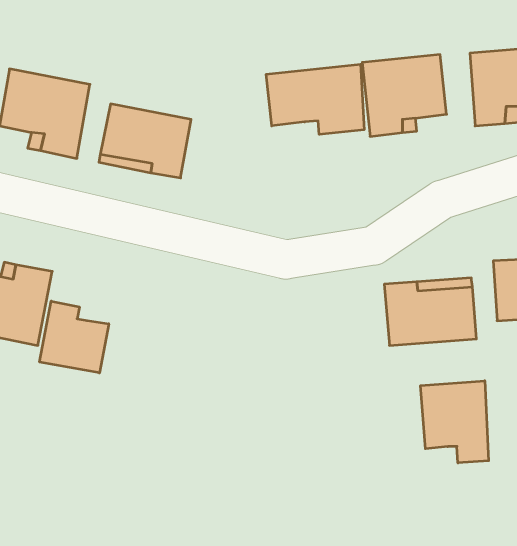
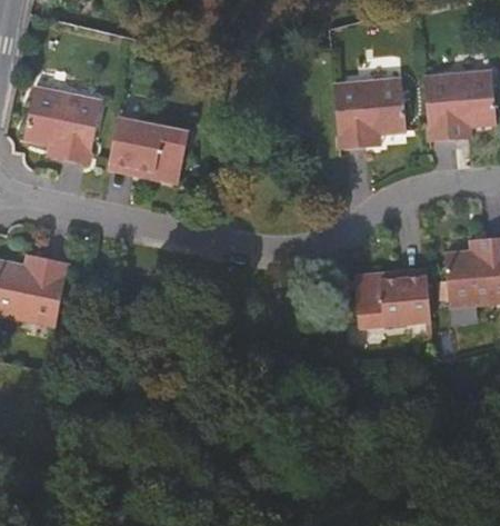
building: [266,64,364,134] -> none
building: [40,301,109,373] -> none
building: [421,381,489,463] -> none

